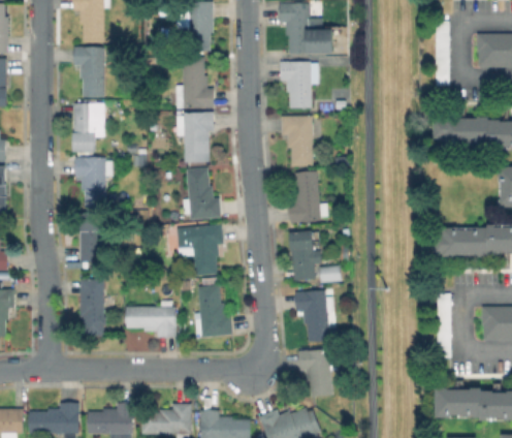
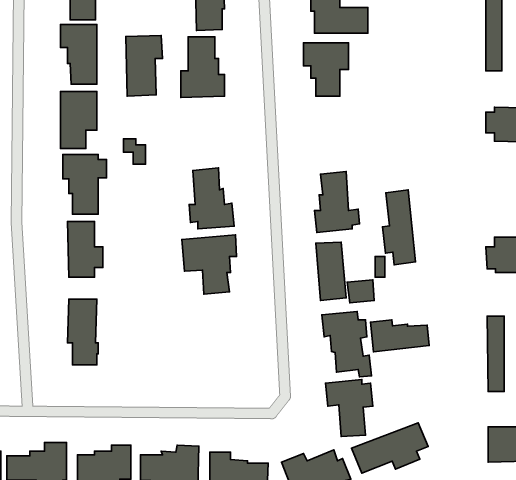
building: [183,112,214,163] -> [126,35,162,96]
building: [282,117,312,167] -> none
building: none -> [382,190,416,265]
building: [194,285,232,338] -> none
building: none -> [370,320,429,352]
building: [126,301,177,337] -> none
building: none -> [352,423,428,473]

